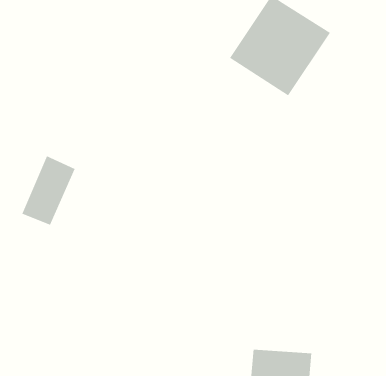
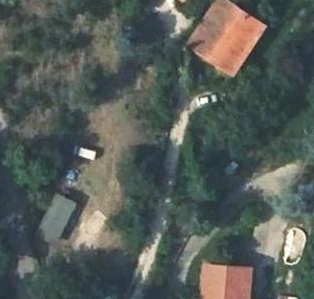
building: [21,156,76,226] -> [32,190,73,243]

